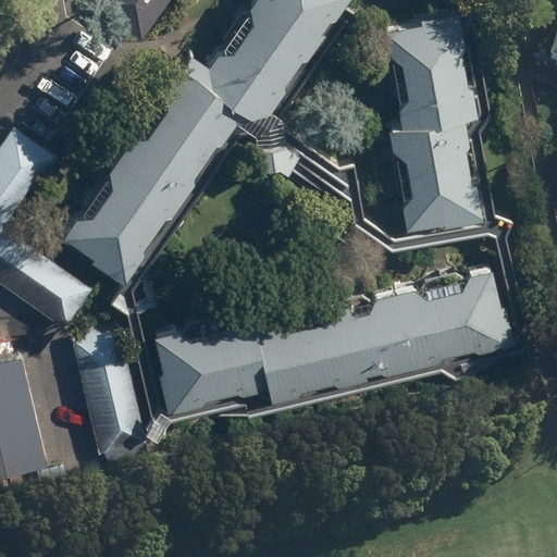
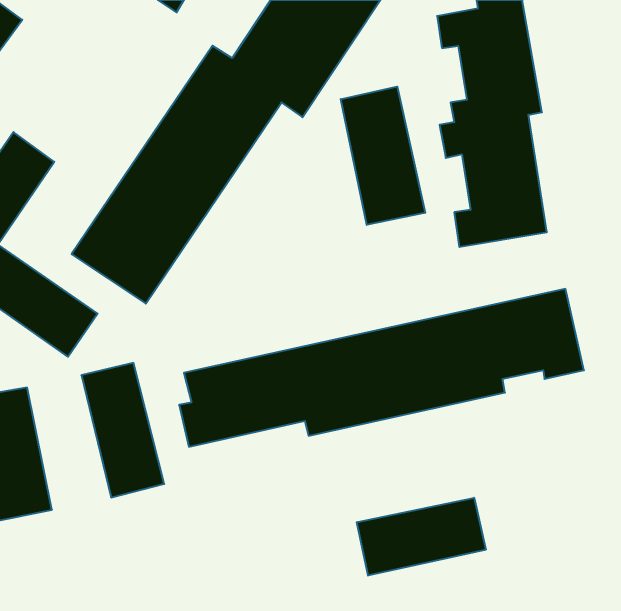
building: none -> [341,87,425,225]
building: none -> [357,498,486,576]

